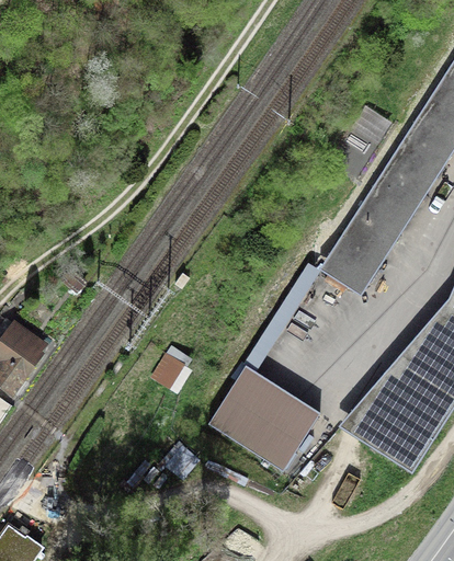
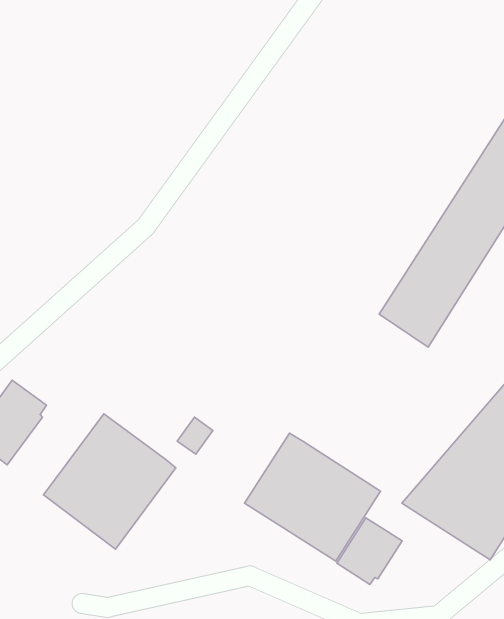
building: none -> [44,414,176,549]
building: none -> [337,518,402,585]

